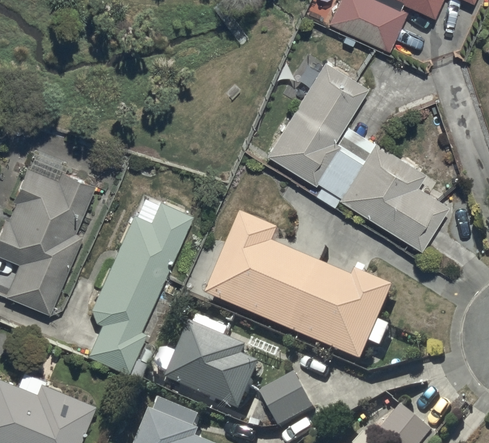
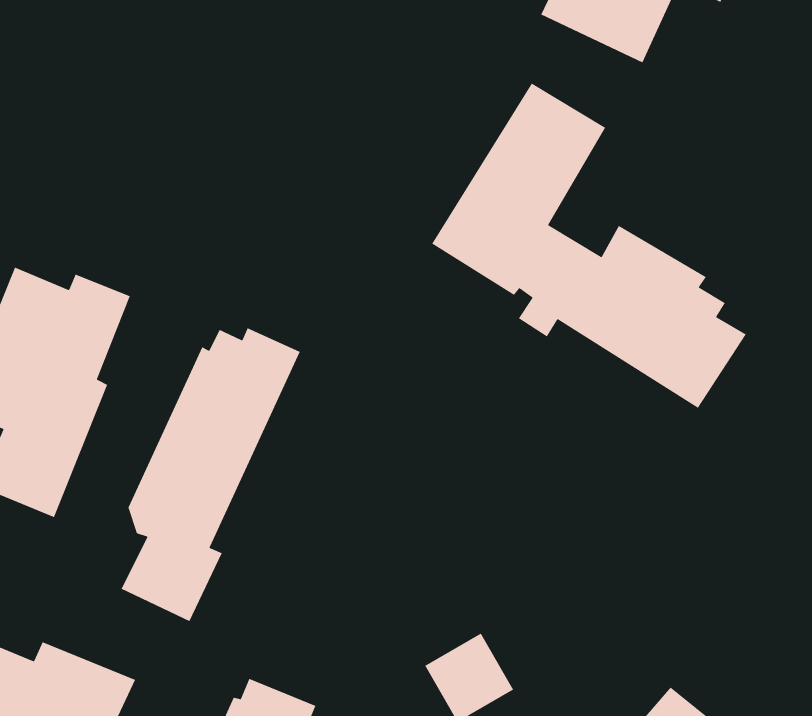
building: [210,217,395,364] -> none
building: [170,325,263,414] -> none

